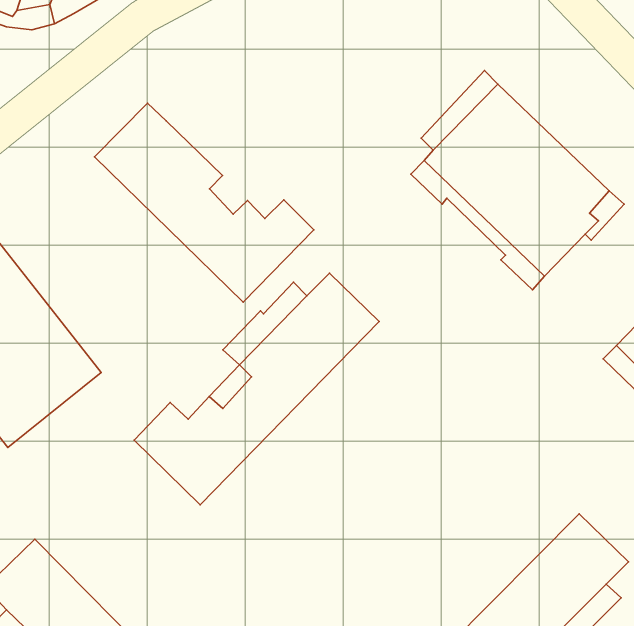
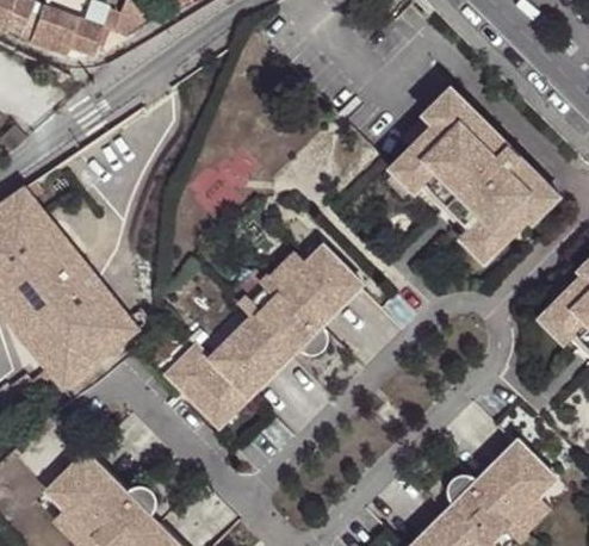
building: [95,103,314,302] -> none

